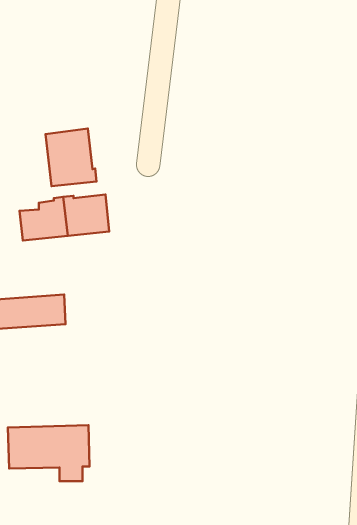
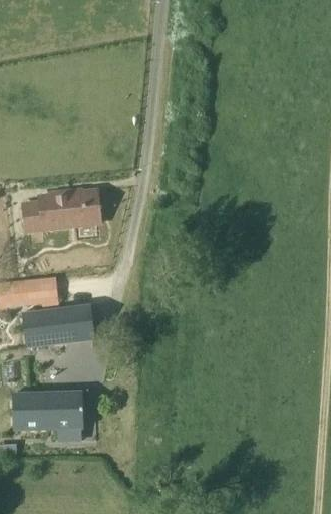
building: [46,129,97,186] -> none
building: none -> [22,304,97,348]

